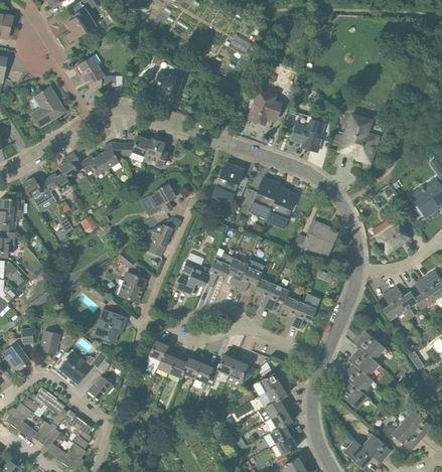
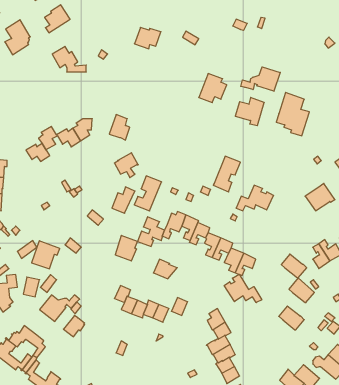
building: [152,72,183,98] -> [134,27,161,49]
building: none -> [241,67,280,91]
building: [32,86,62,127] -> [5,20,30,55]
building: [122,136,150,161] -> none
building: [212,162,245,203] -> [134,176,162,211]
building: [23,177,54,206] -> none
building: [250,177,281,219] -> none
building: [119,272,145,302] -> [115,235,137,261]
building: [94,309,127,342] -> [32,241,60,269]
building: none -> [224,274,262,303]
building: [349,348,380,376] -> [281,254,307,278]
building: [229,359,257,382] -> [153,259,177,279]
building: [337,380,367,409] -> none
building: [63,410,93,451] -> none

